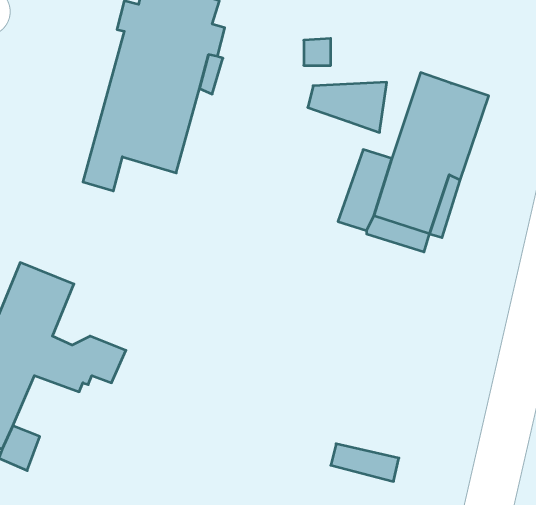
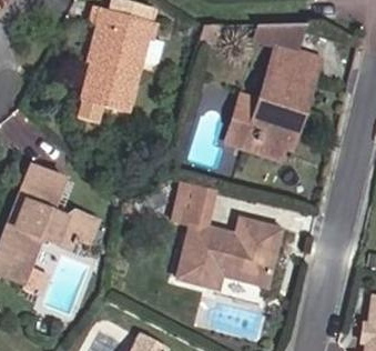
building: [308,82,387,132] -> [253,23,302,54]
building: none -> [172,182,277,289]

